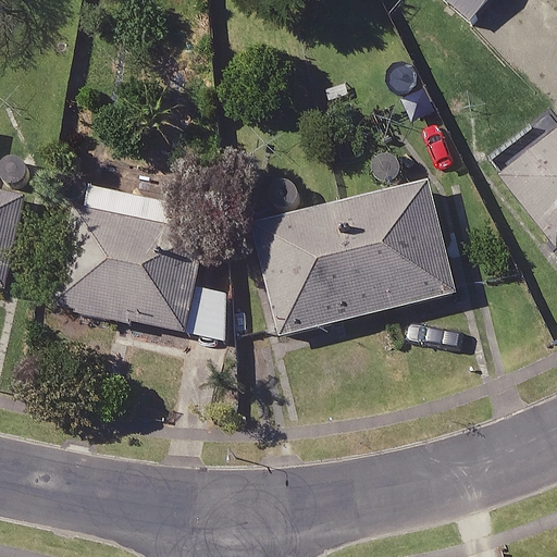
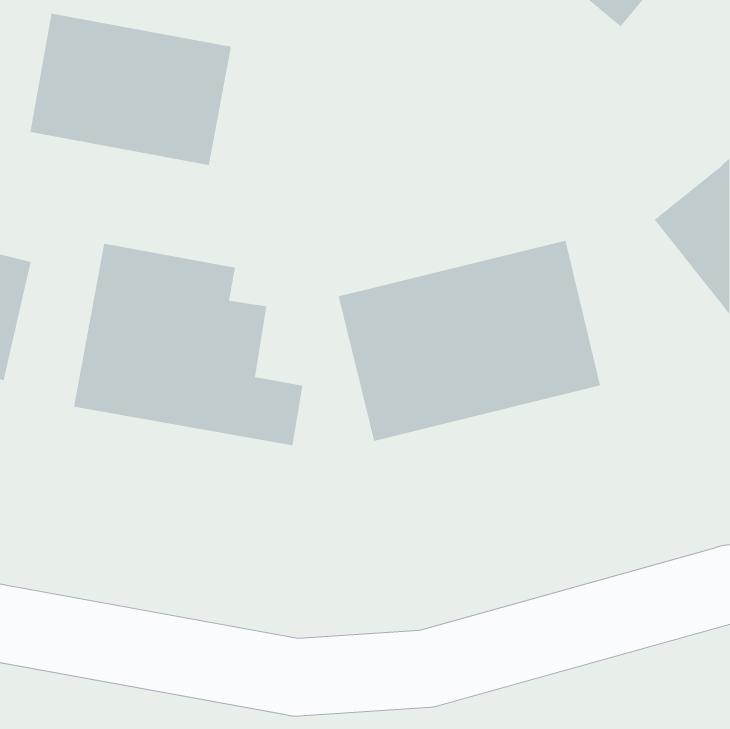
building: none -> [30,13,232,166]

